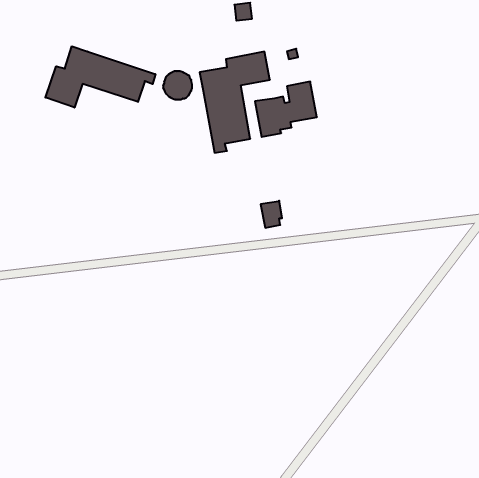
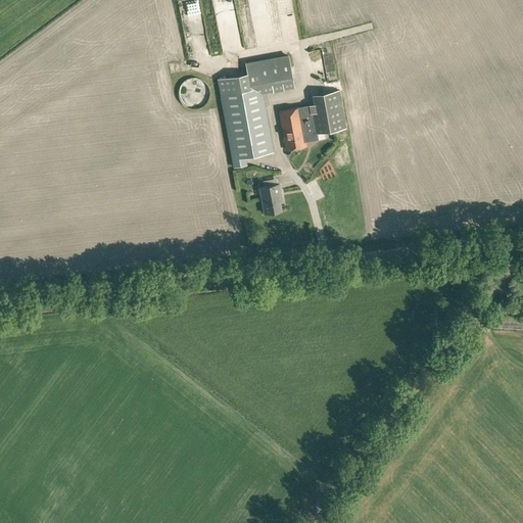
building: [45,46,155,108] -> none
building: [261,201,282,228] -> [259,184,283,213]

